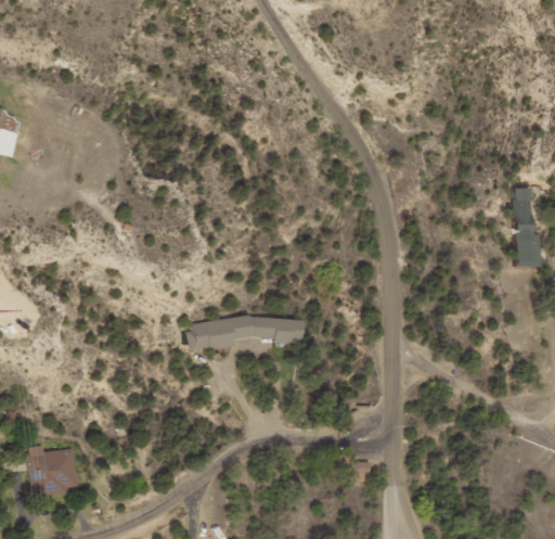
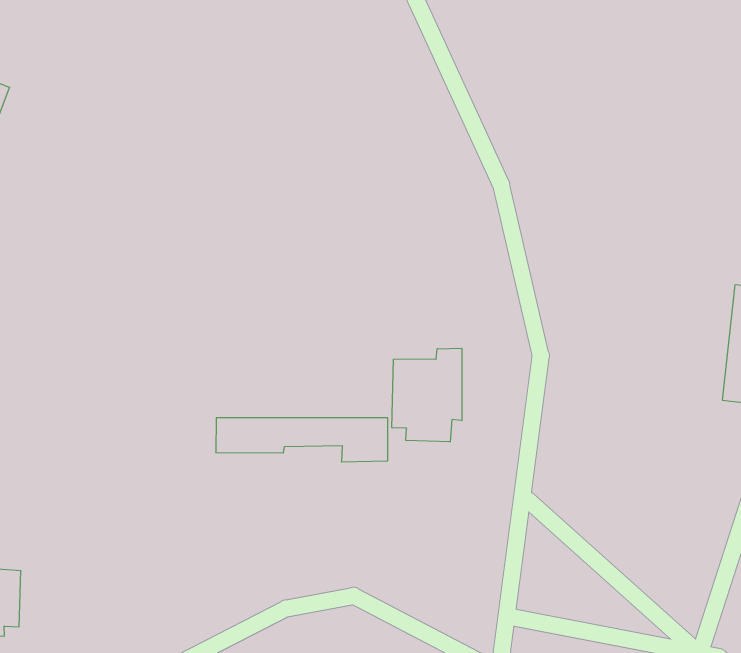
building: none -> [392,348,462,442]

